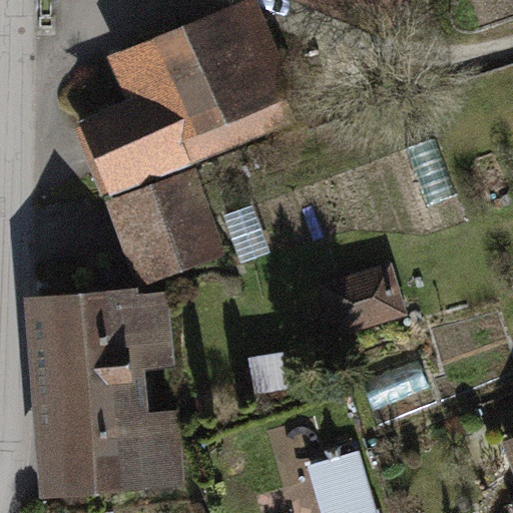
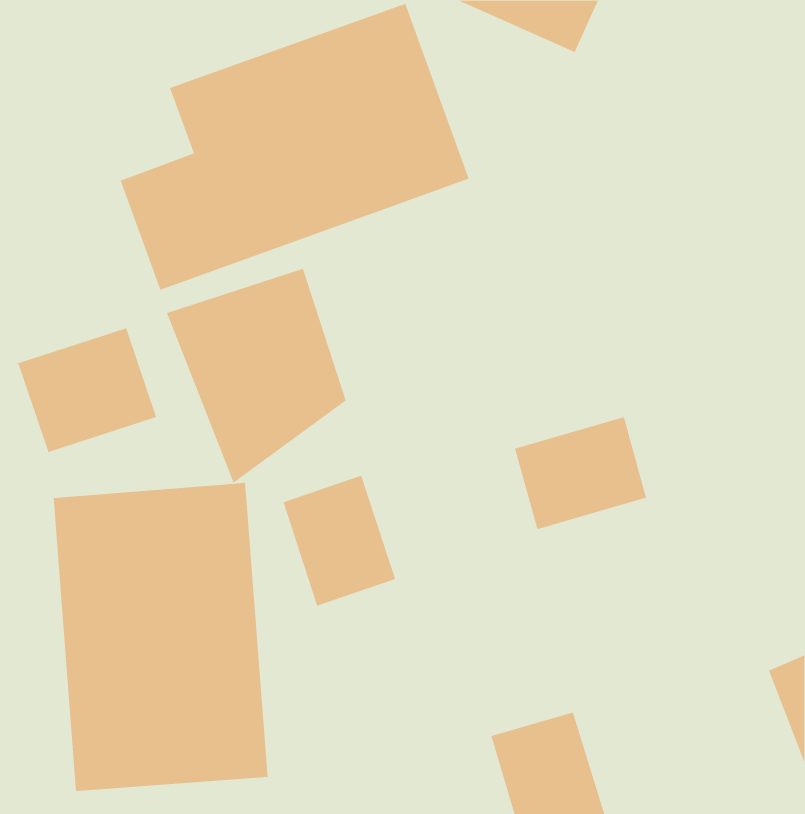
building: none -> [18,328,157,453]
building: none -> [283,475,396,606]

